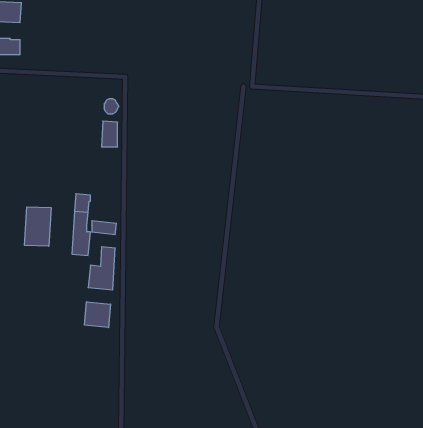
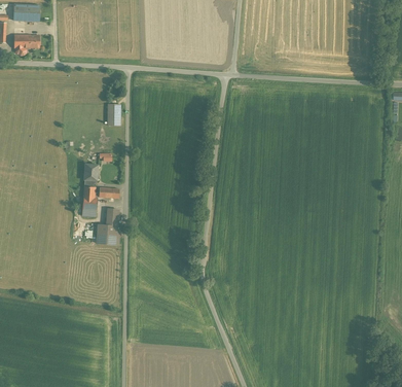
building: [25,207,51,246] -> none
building: [85,302,111,328] -> none

